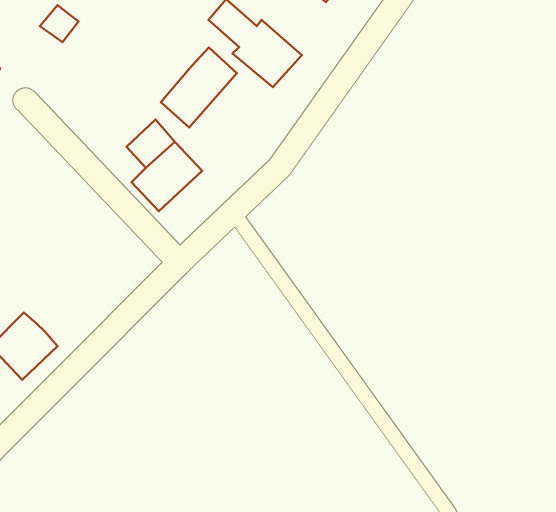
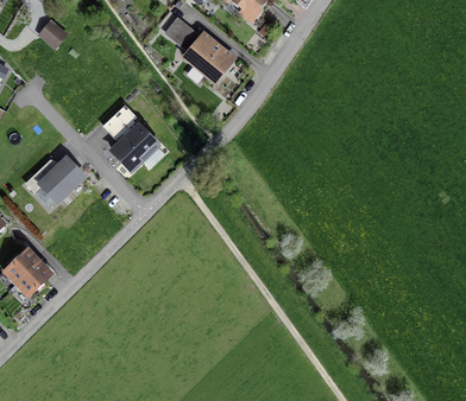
building: [161,48,237,127] -> none
building: none -> [27,154,82,198]

